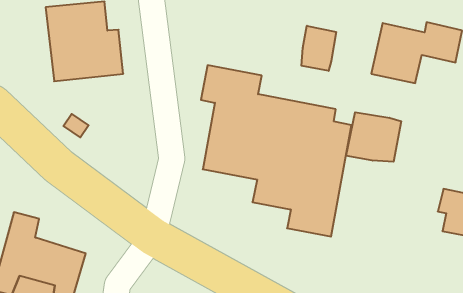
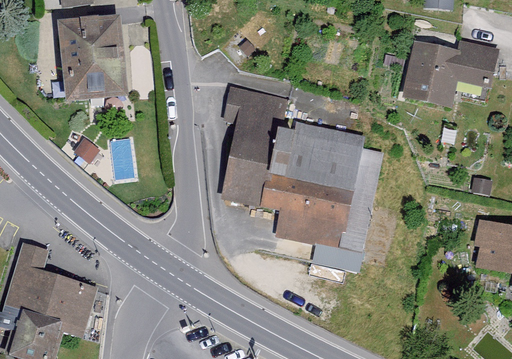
building: [301,26,336,71] -> none
building: [346,112,401,162] -> none

